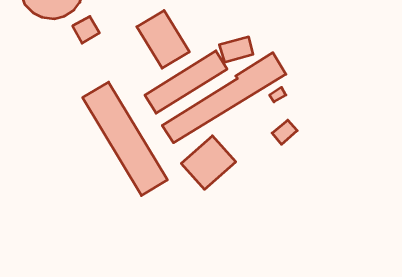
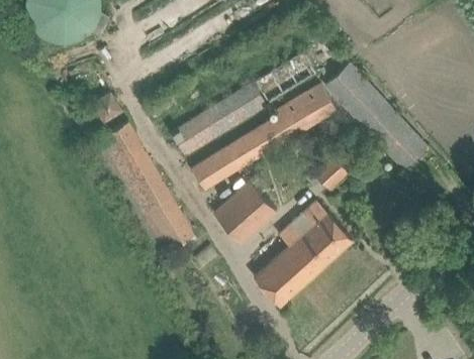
building: [137,10,189,68] -> none
building: [73,16,99,43] -> [91,92,122,123]
building: none -> [325,63,426,168]
building: none -> [254,201,352,306]

